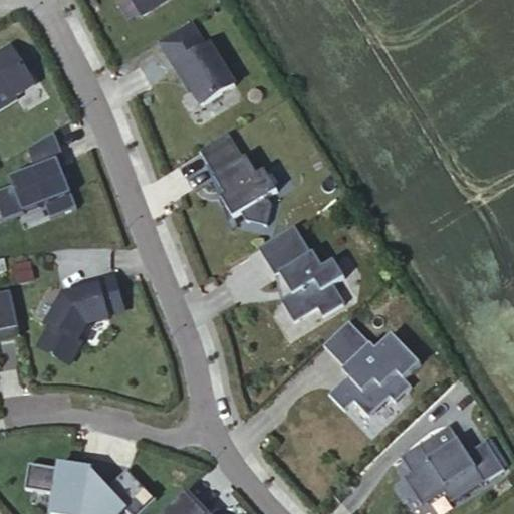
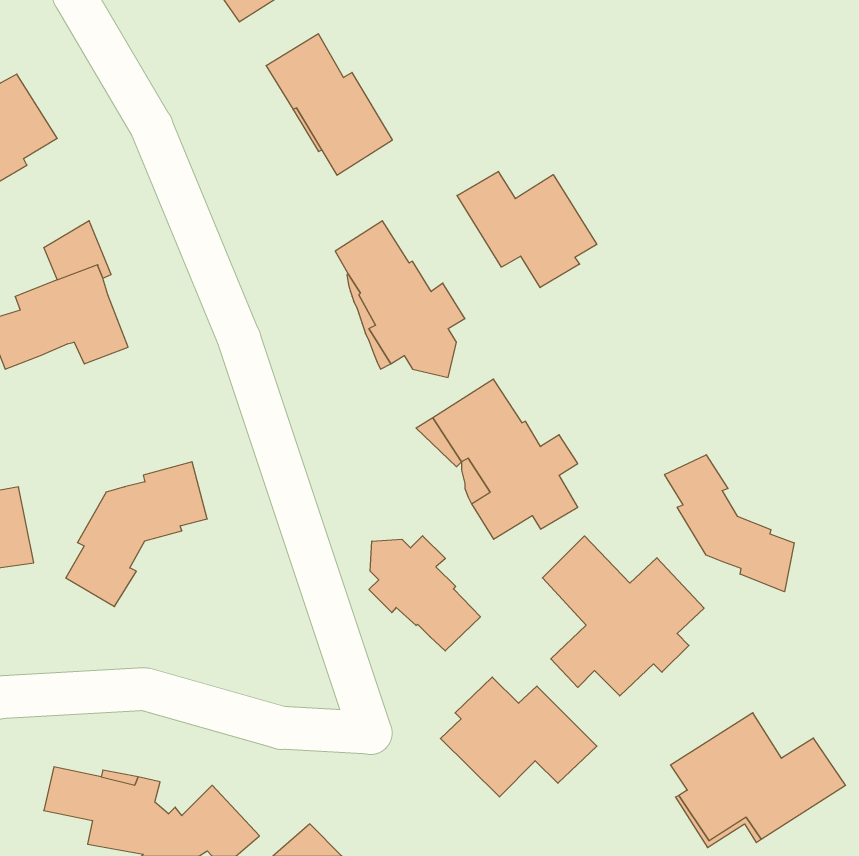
building: none -> [457,171,597,288]
building: none -> [665,455,794,592]
building: none -> [369,536,480,651]
building: none -> [440,677,597,797]

